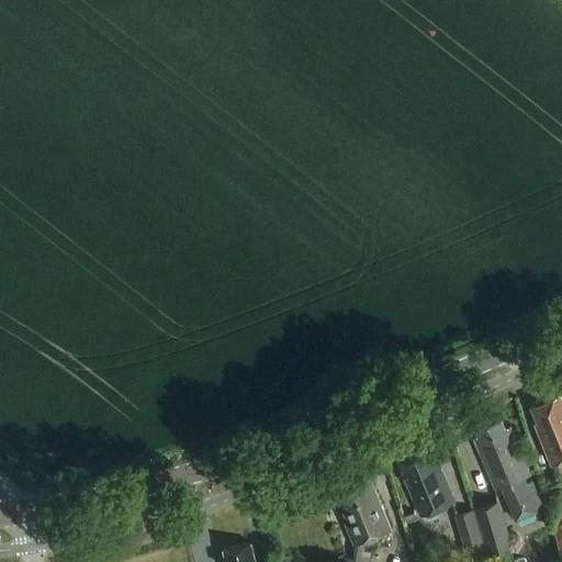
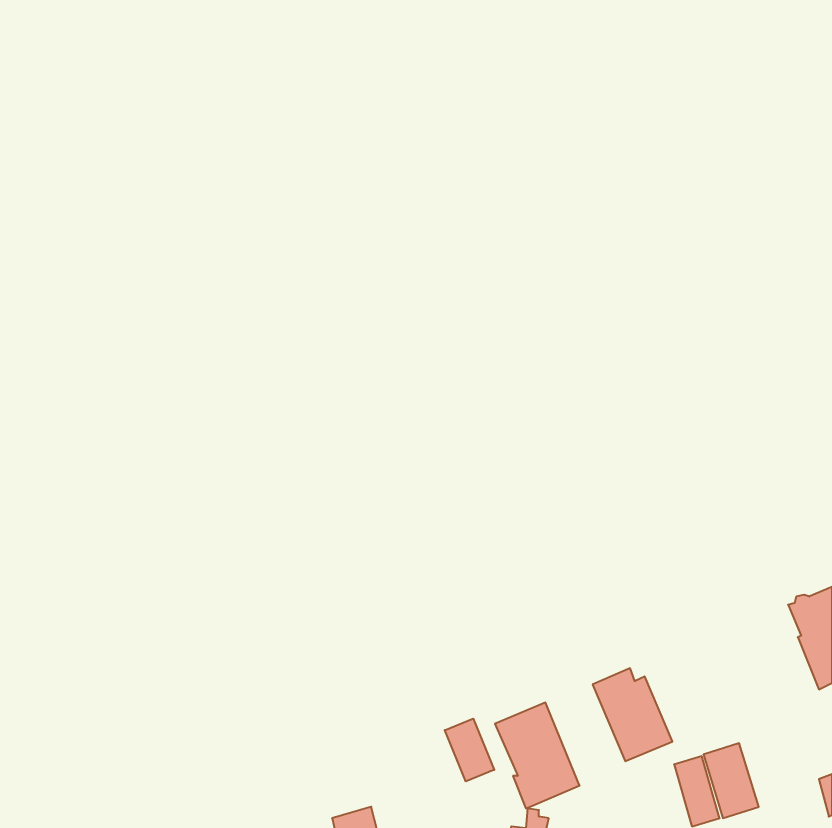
building: [475,422,539,525] -> none
building: none -> [445,719,494,781]

